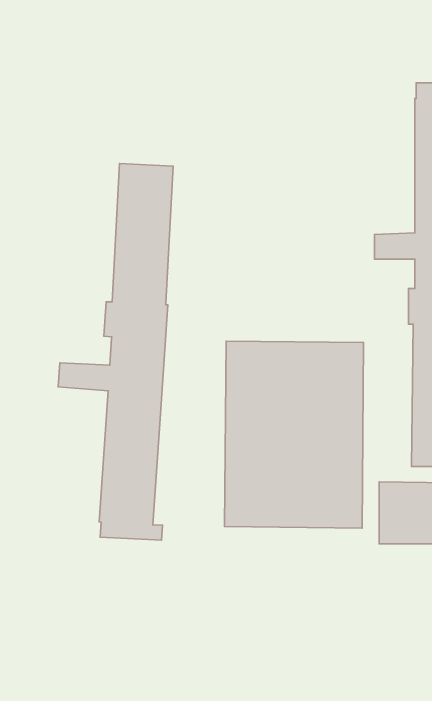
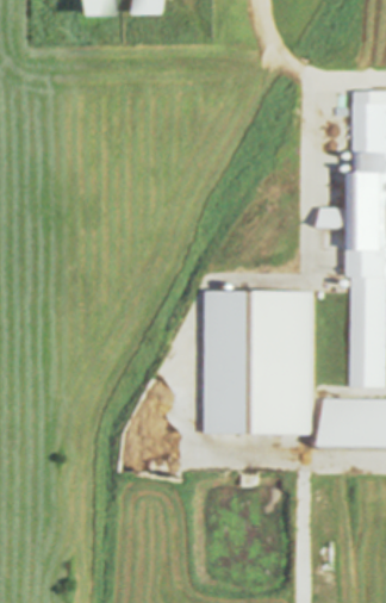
building: [58,163,173,540] -> none

